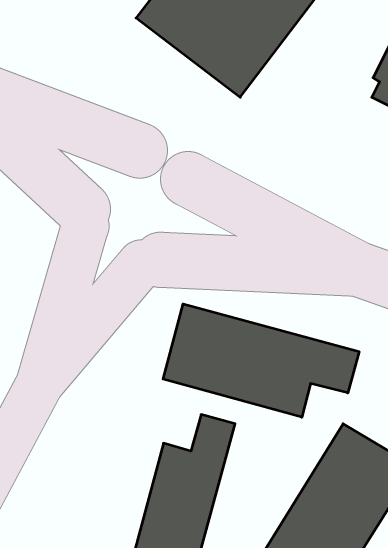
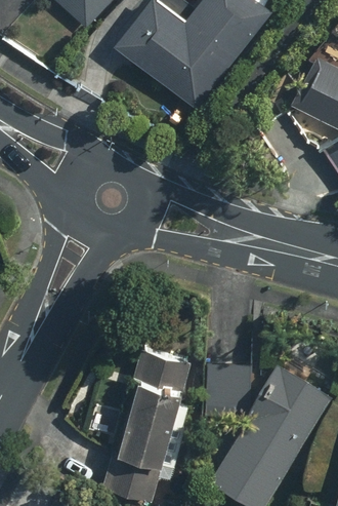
building: [163,304,359,417] -> none

